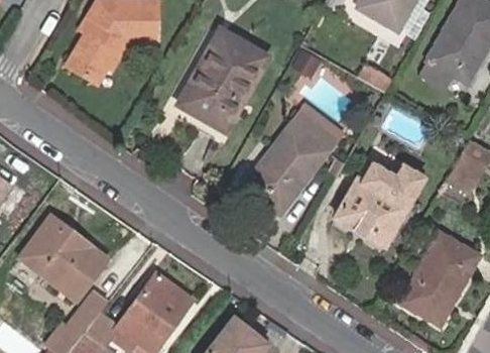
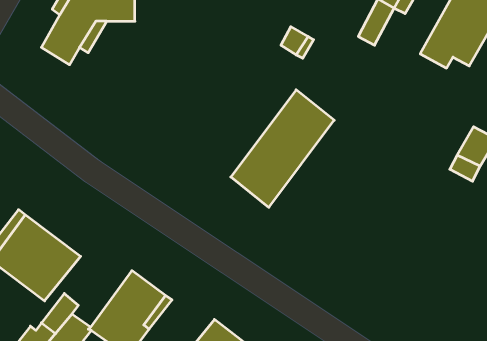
building: [178,29,266,132] -> none
building: [338,165,421,244] -> none
building: [401,233,477,323] -> none

